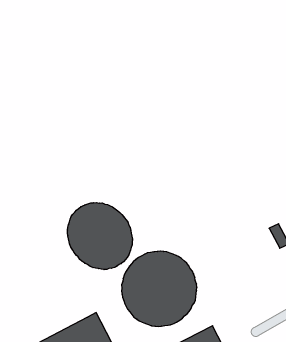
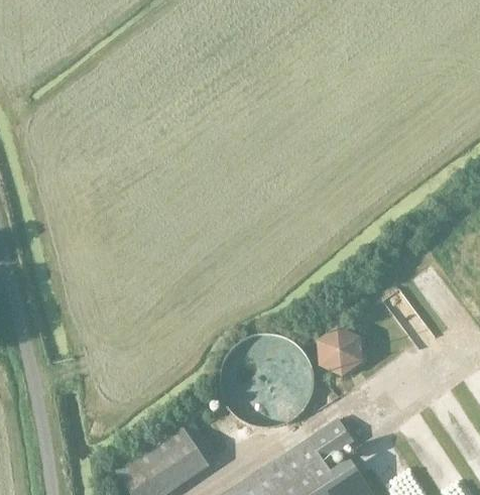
building: [67,203,132,270] -> none
building: none -> [319,330,363,379]

